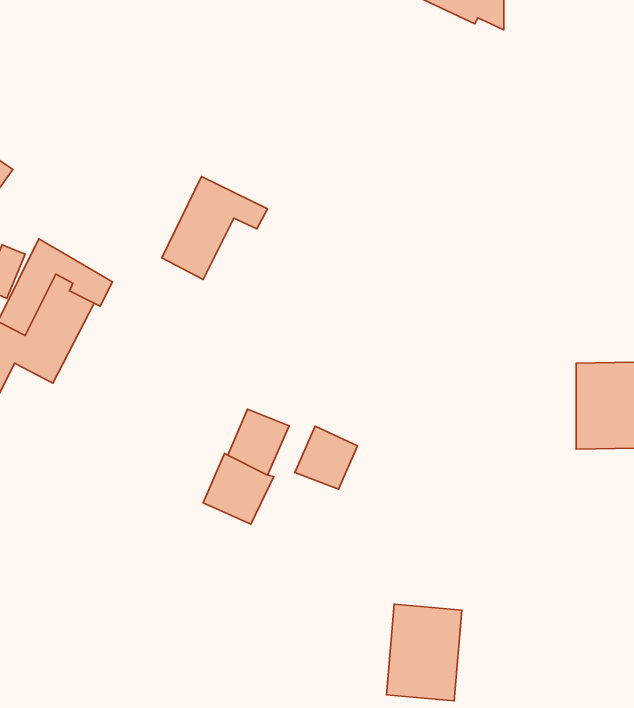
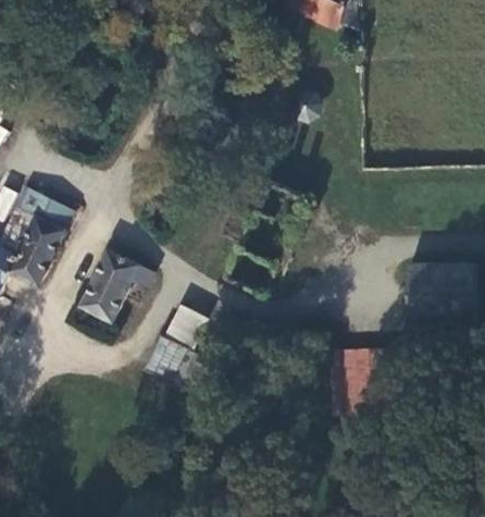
building: [162,177,268,279] -> [80,247,156,320]
building: [295,426,358,489] -> none
building: [387,604,462,701] -> [334,349,387,418]

